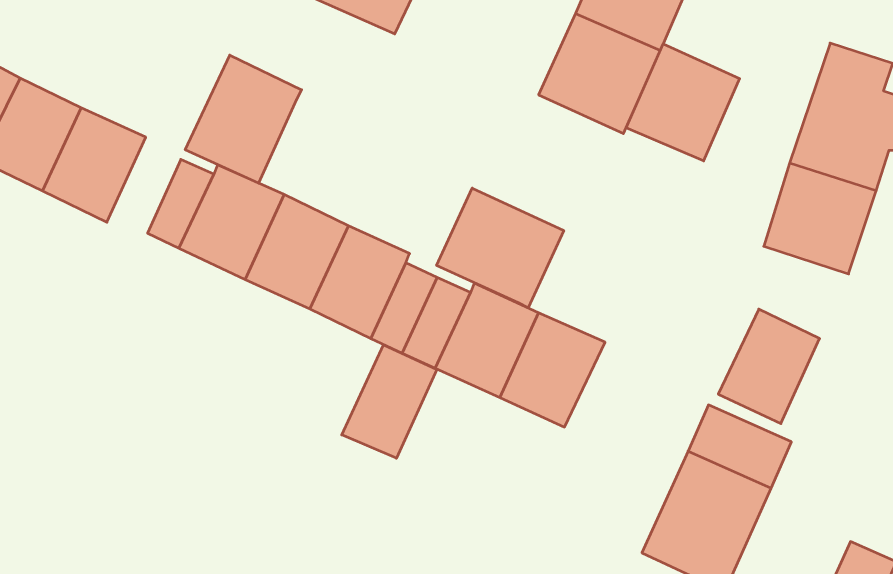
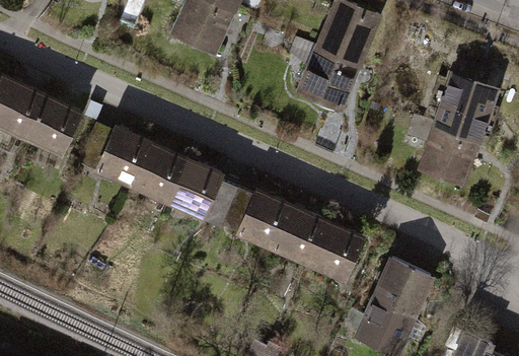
building: [626,44,740,161] -> none
building: [185,55,302,183] -> none
building: [437,188,564,308] -> none
building: [718,309,820,424] -> [310,223,366,286]
building: [342,345,437,458] -> none

